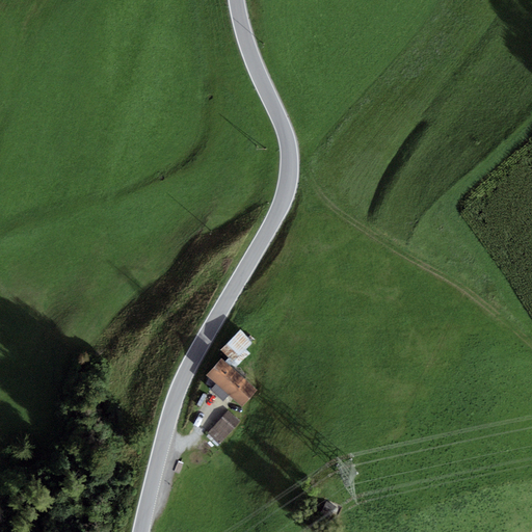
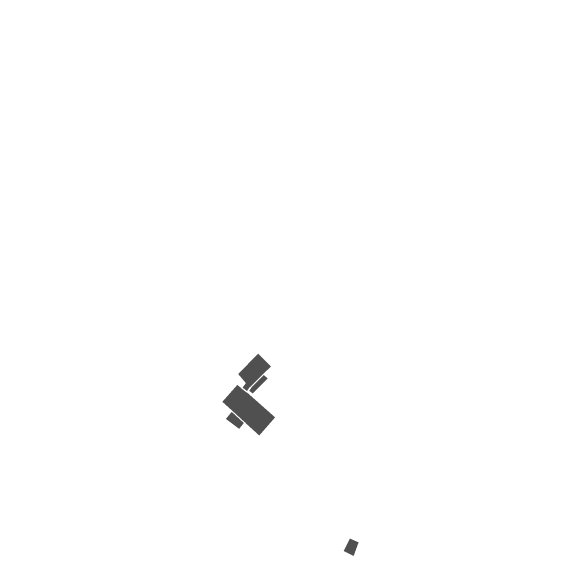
building: [208,410,240,445] -> none

